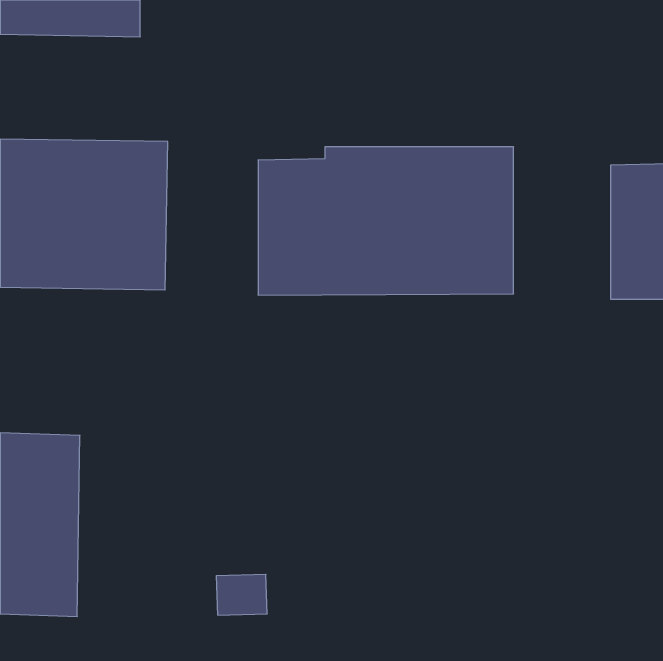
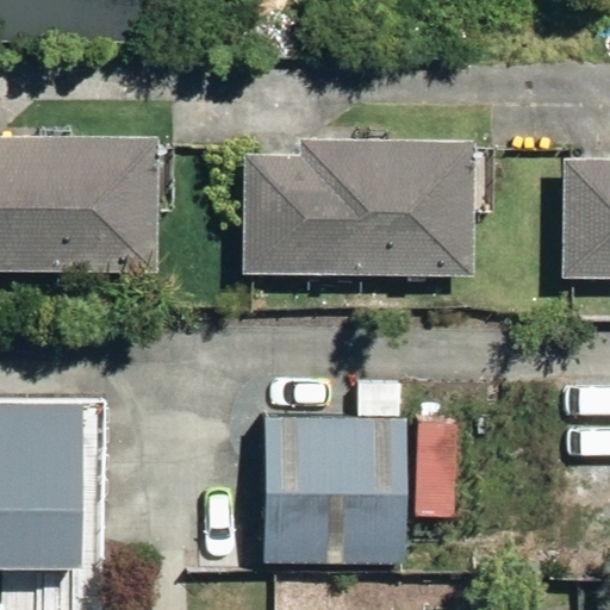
building: none -> [263,385,405,558]

